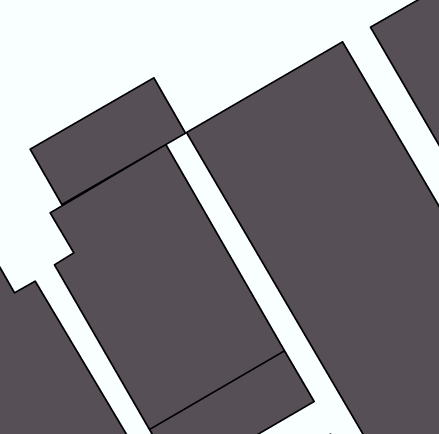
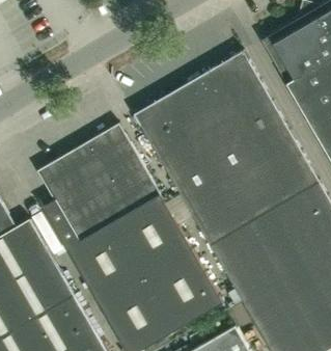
building: [30,78,185,205] -> none

